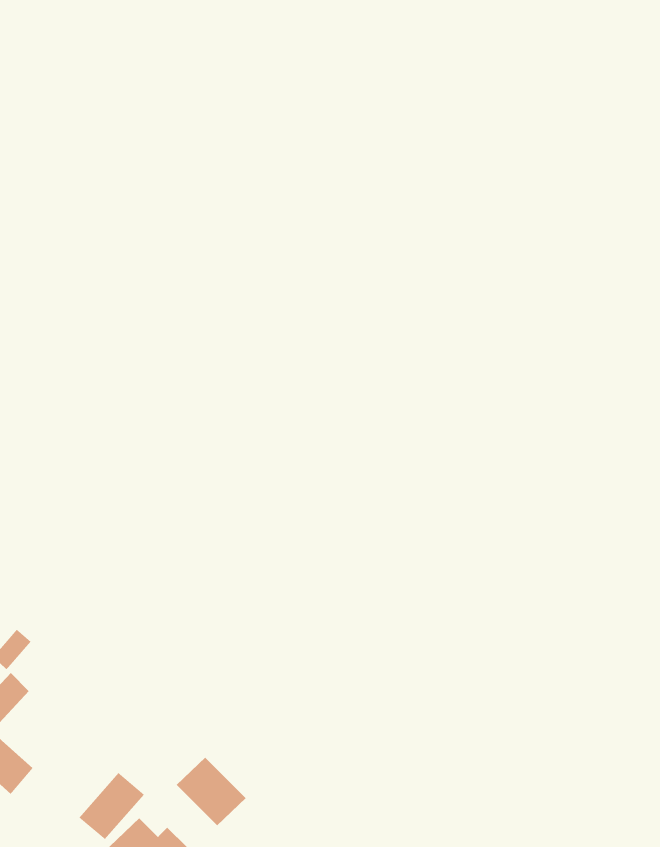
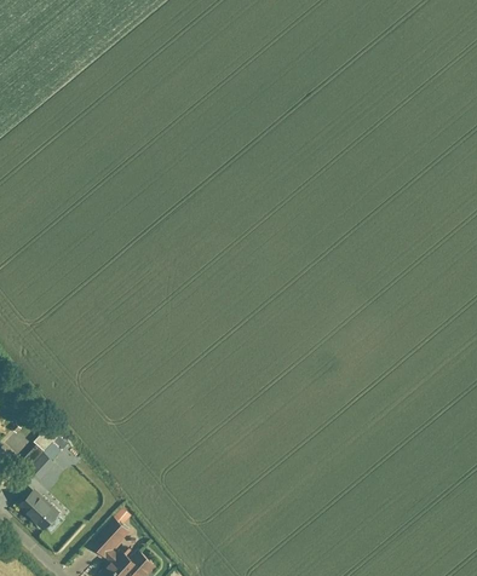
building: [176,757,247,826] -> none

